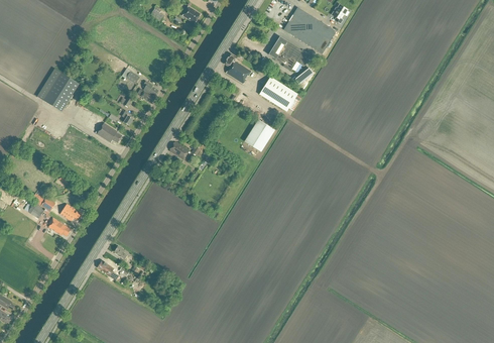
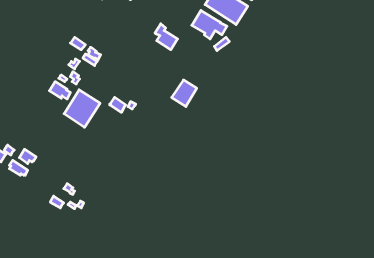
building: [42,72,78,111] -> none
building: [258,76,296,110] -> none
building: none -> [64,90,100,127]

